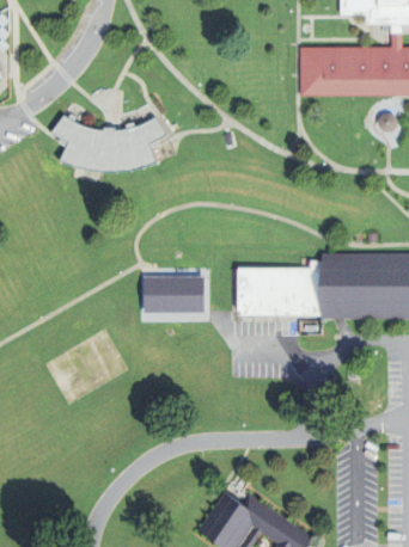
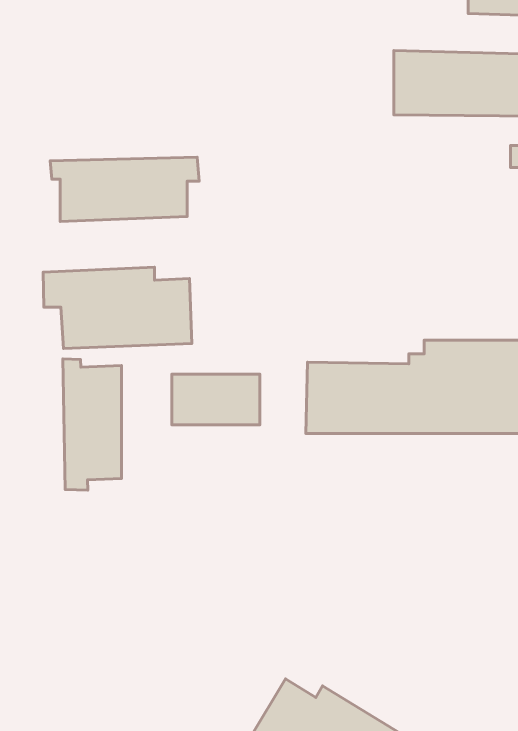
building: none -> [43,267,192,348]
building: none -> [63,359,122,490]

